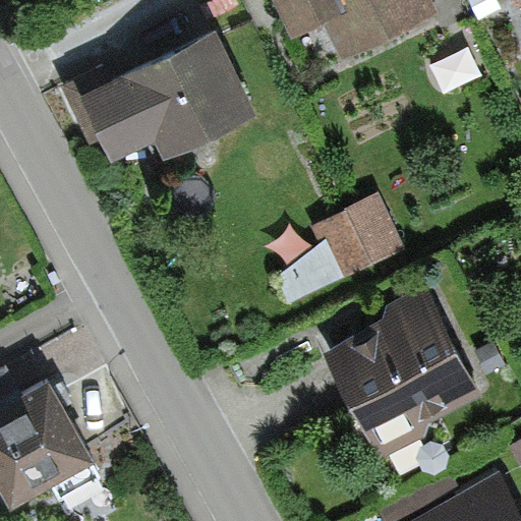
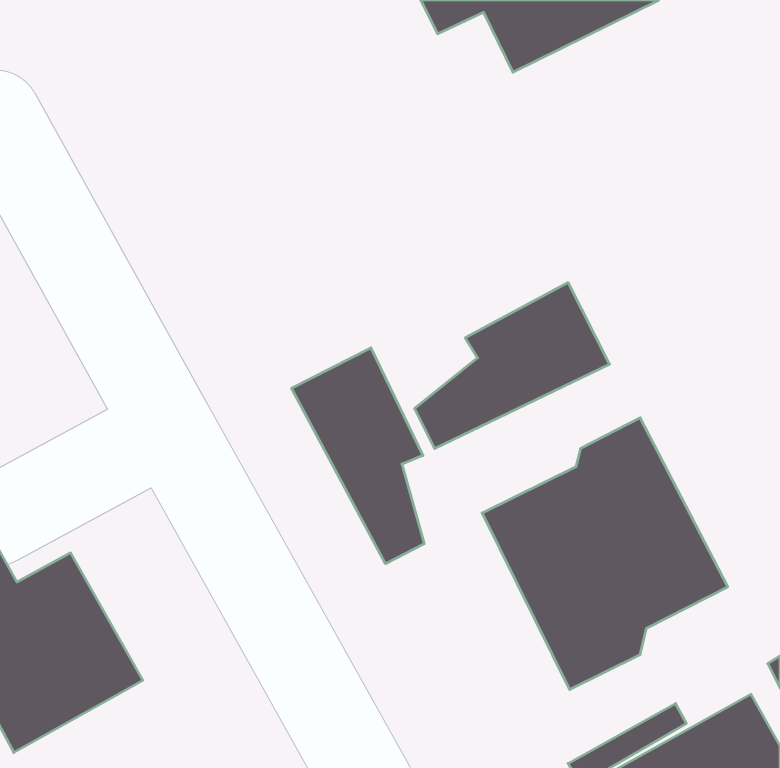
building: [59,27,254,163] -> none
building: none -> [292,348,424,564]

